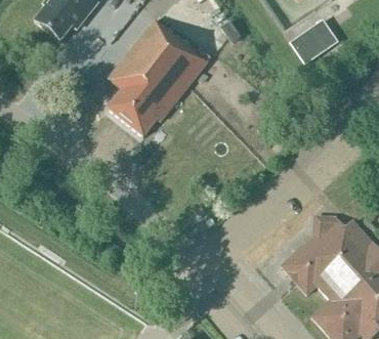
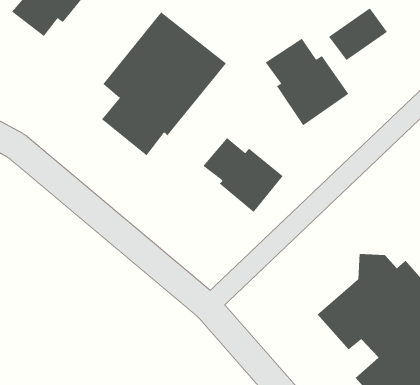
building: none -> [265,38,349,126]
building: none -> [202,137,283,213]

